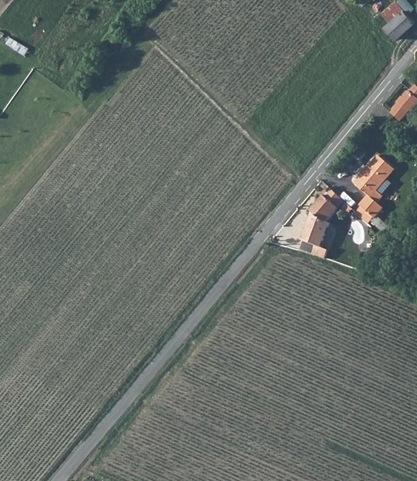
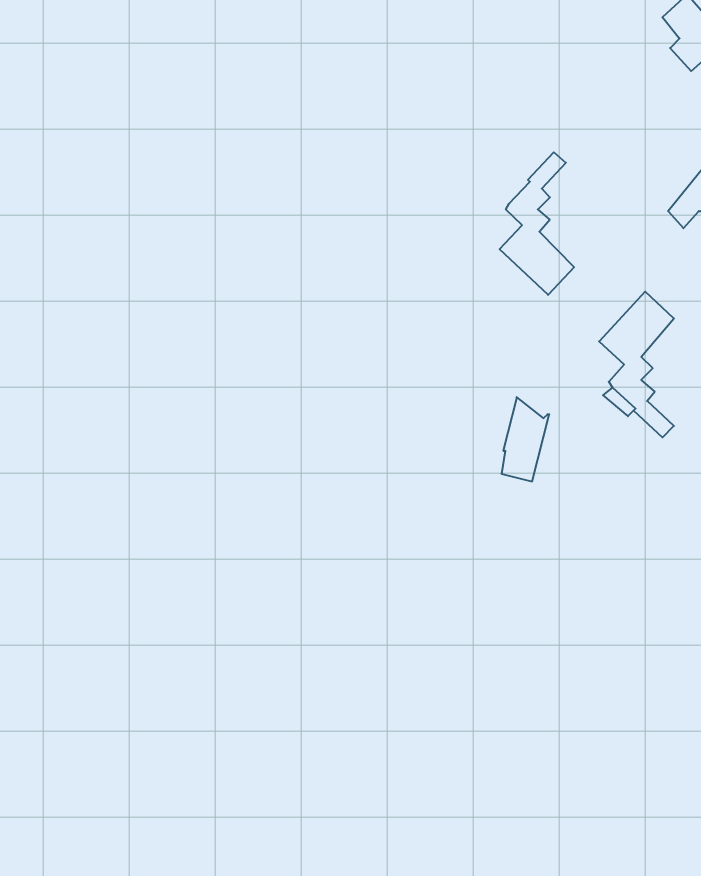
building: none -> [500,152,574,295]
building: [308,185,344,221] -> none

